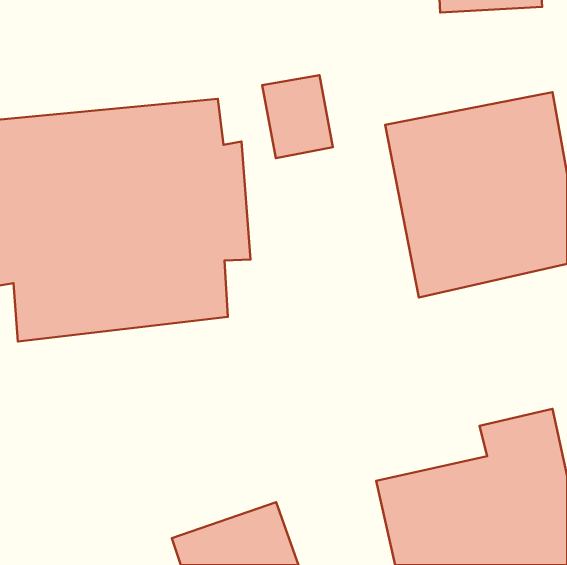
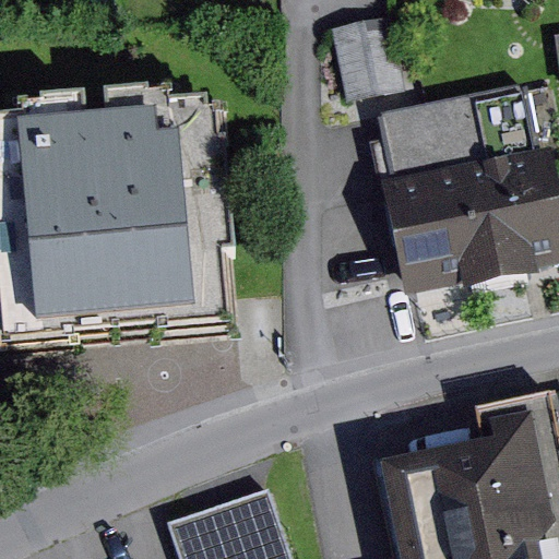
building: [262,75,333,158] -> [333,12,402,93]

